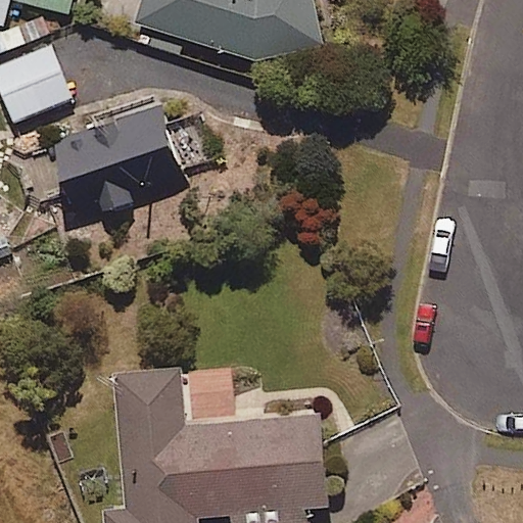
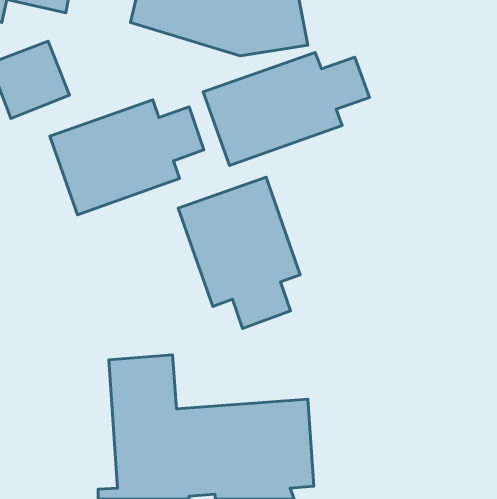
building: none -> [203,53,370,165]
building: none -> [178,177,300,328]

